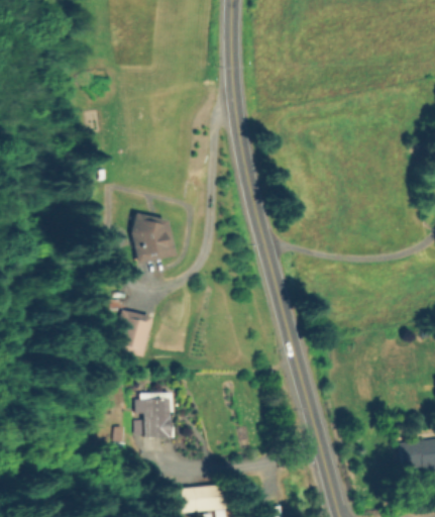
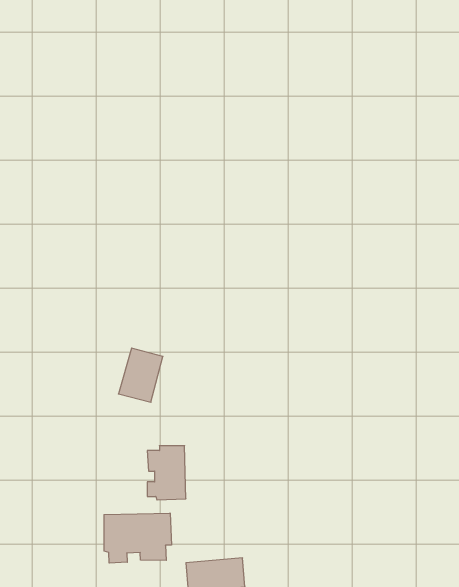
building: [129,209,174,264] -> none
building: none -> [104,513,171,563]

